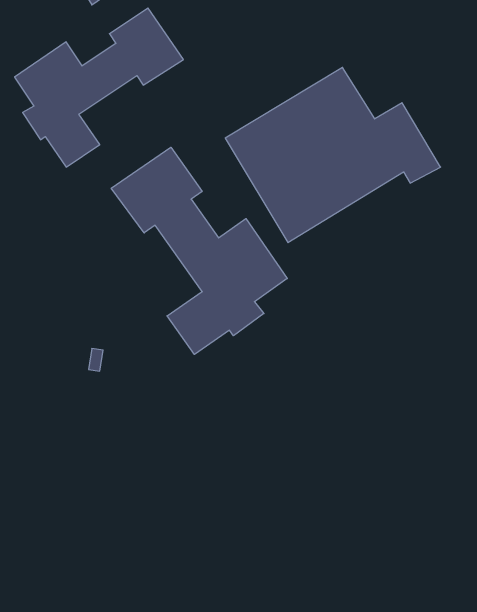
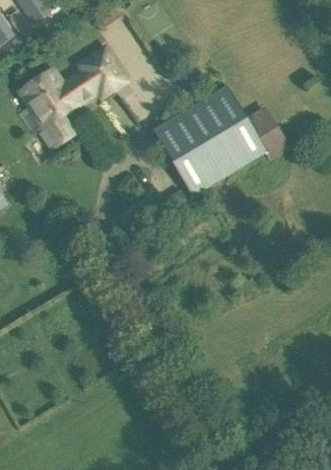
building: [111,147,287,354] -> none

